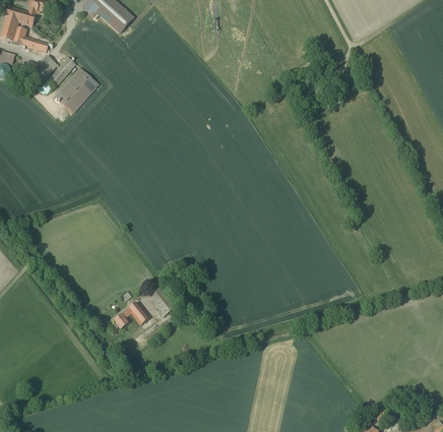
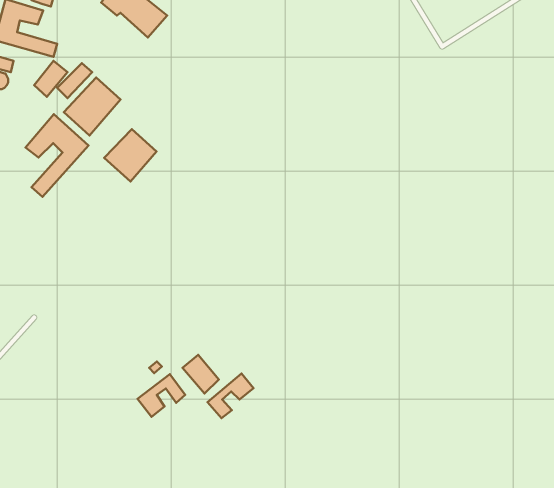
building: none -> [25,114,89,197]
building: none -> [104,129,156,181]
building: none -> [208,373,253,418]

